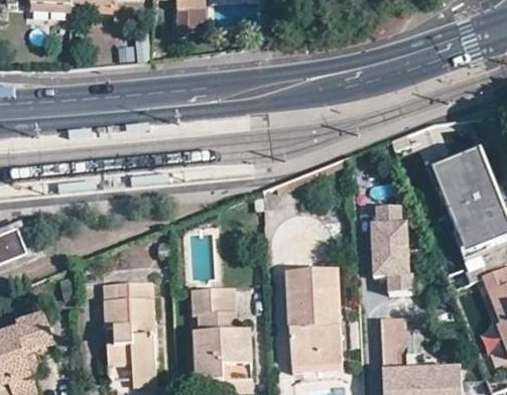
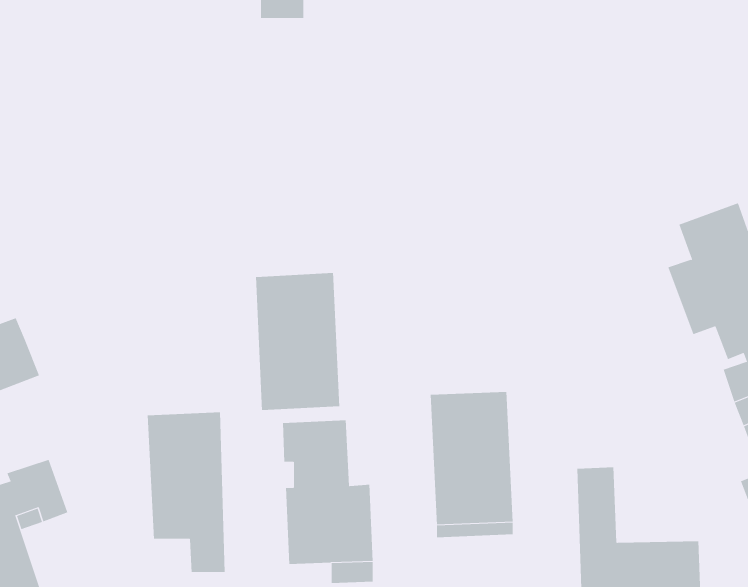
building: [370,182,413,293] -> none
building: none -> [255,272,340,411]

